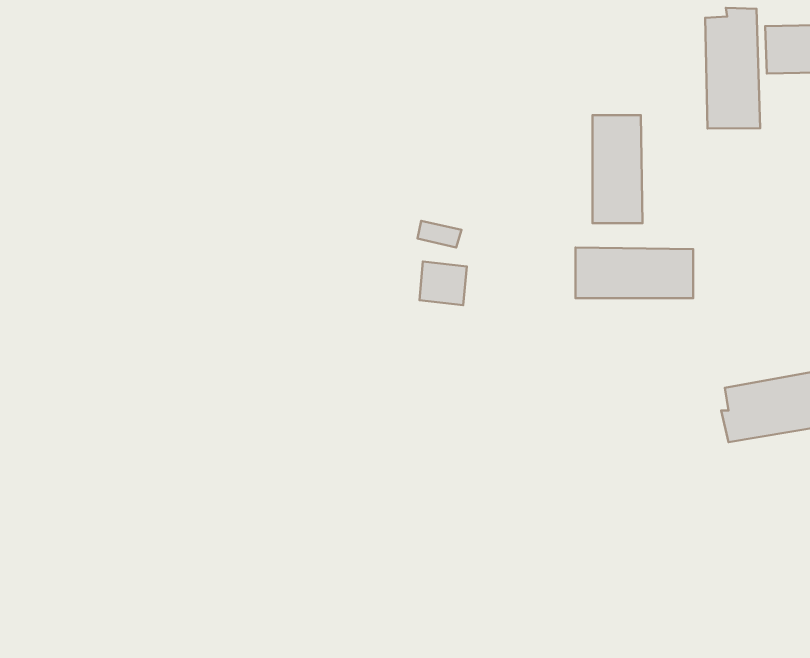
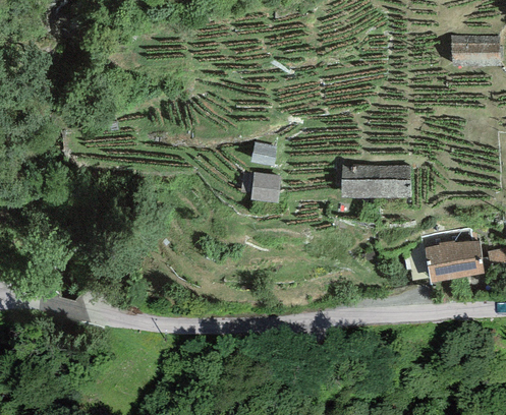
building: [705,8,760,128] -> none
building: [592,115,643,223] -> none

